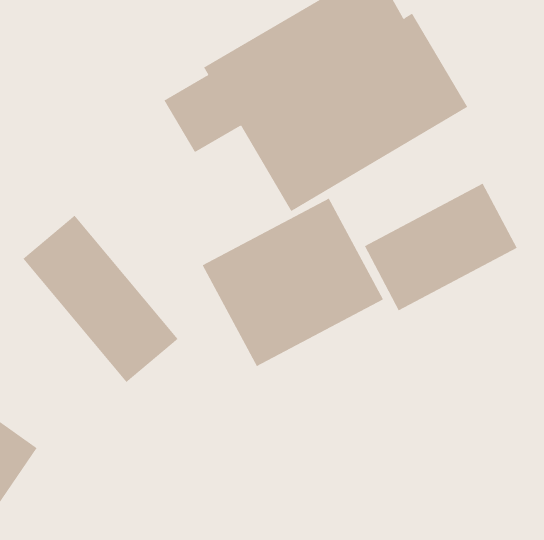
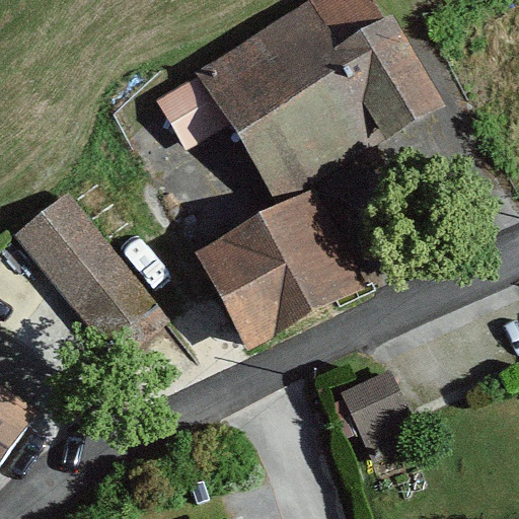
building: [364,183,517,311] -> none
building: none -> [339,365,411,458]

